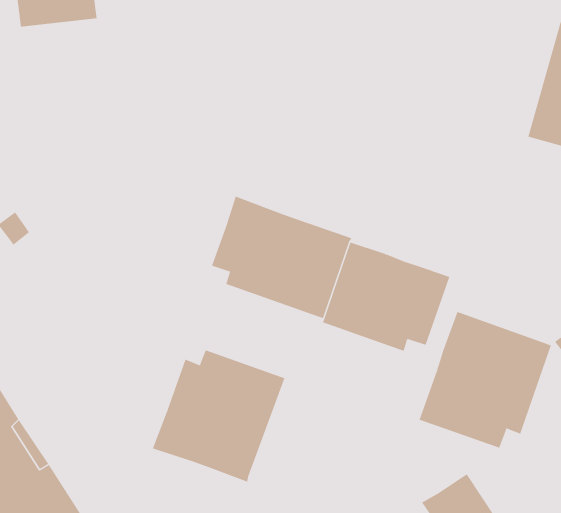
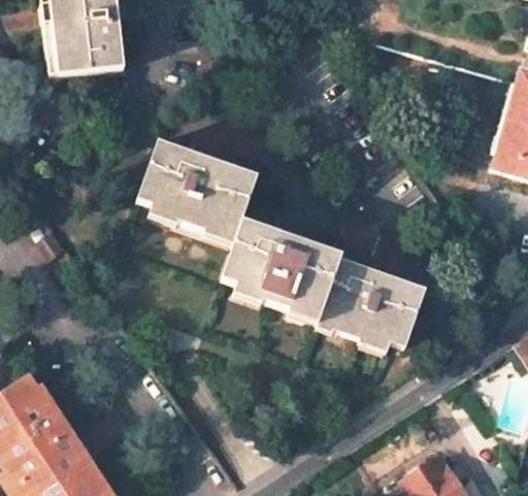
building: none -> [137,140,258,244]
building: [419,311,552,449] -> none
building: [152,349,285,482] -> none

